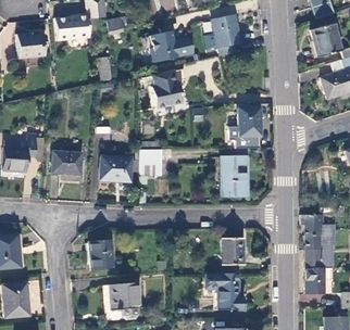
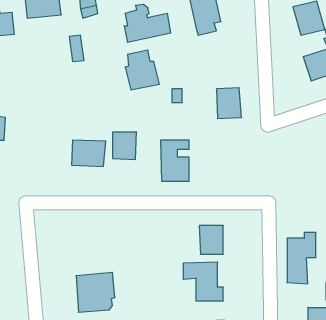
building: [52,151,83,175] -> none
building: [222,156,249,195] -> [161,140,189,181]
building: [301,215,332,250] -> none
building: [90,239,114,269] -> none

